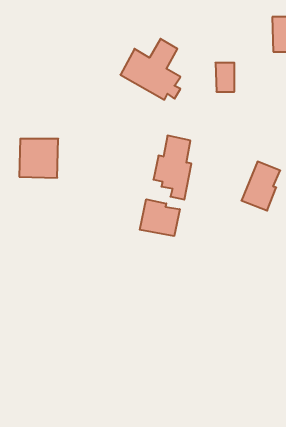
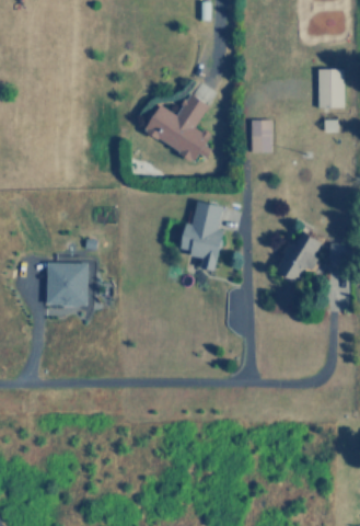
building: [19,139,58,178] -> [47,263,90,306]
building: [140,199,180,236] -> none

